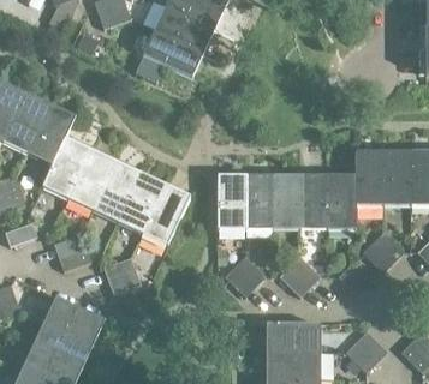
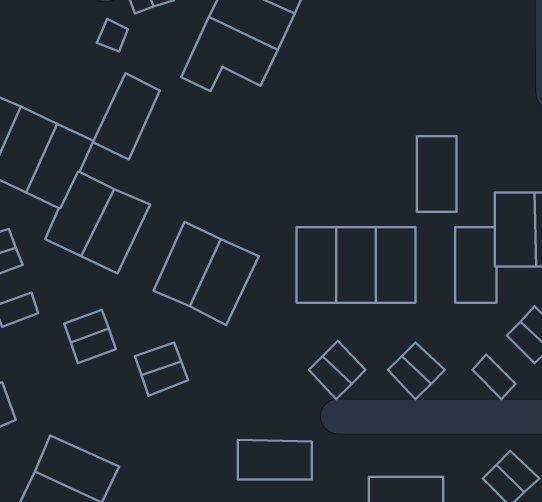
building: [91,161,138,221] -> [93,73,160,159]
building: [299,176,327,229] -> [417,136,457,212]
building: [44,296,105,343] -> none
building: [267,323,318,350] -> [238,440,312,479]

